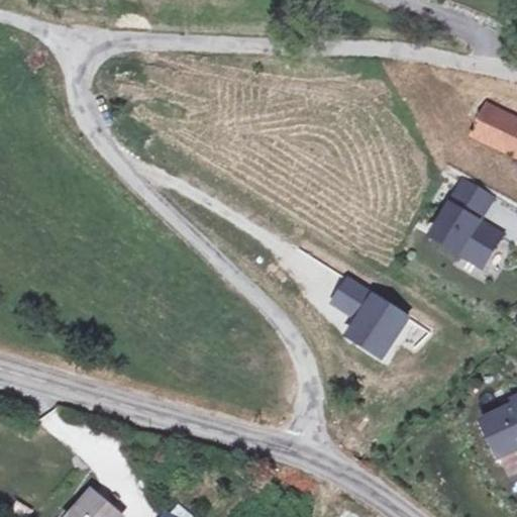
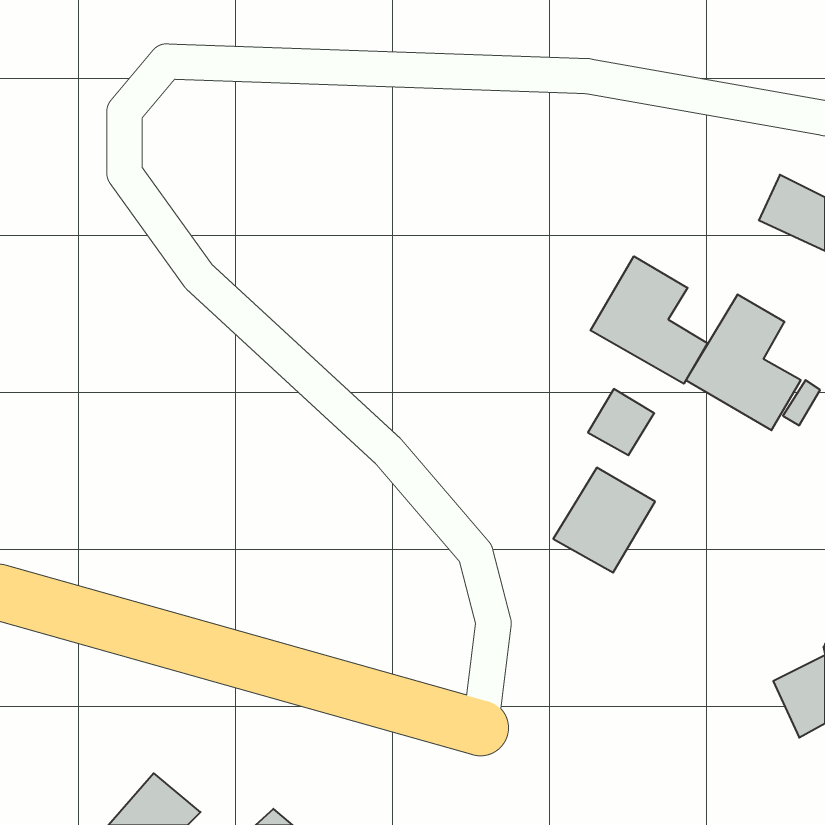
building: none -> [591,256,708,384]
building: [331,277,373,318] -> [588,389,654,455]

